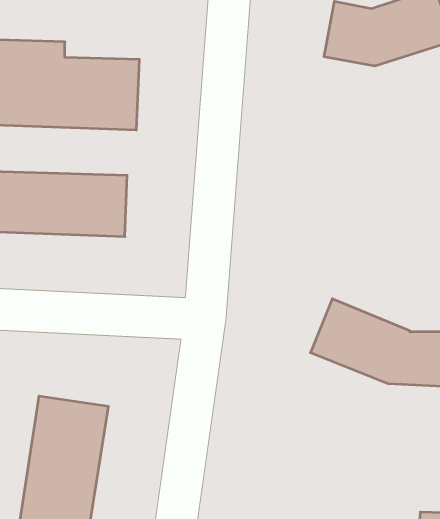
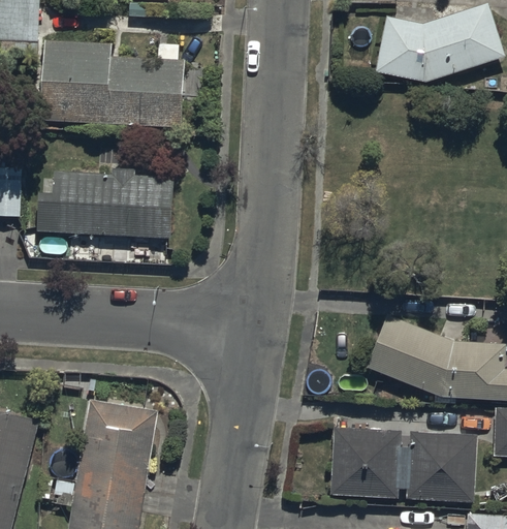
building: none -> [326,423,473,497]

